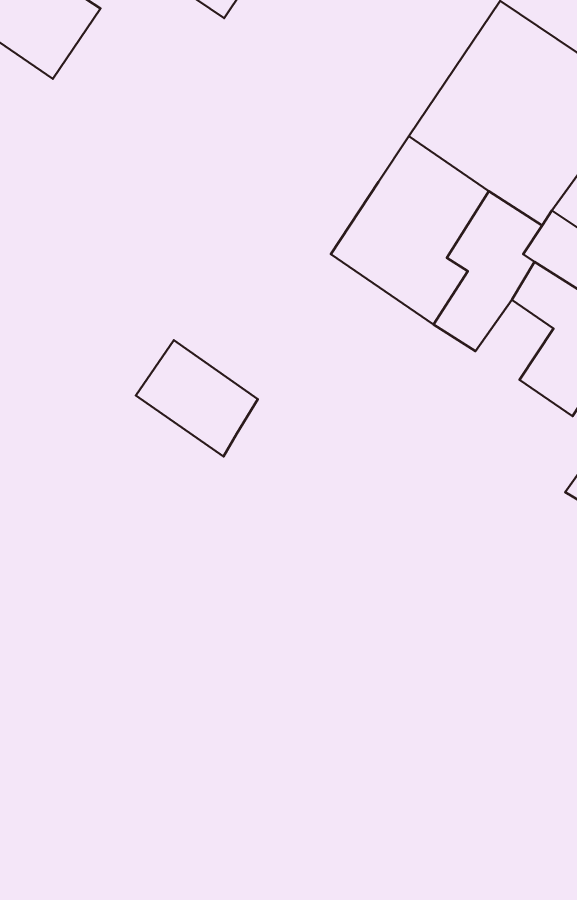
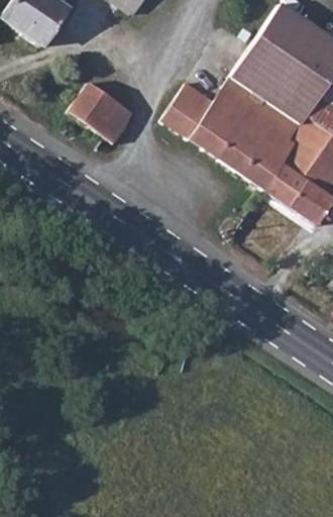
building: none -> [161,82,215,138]
building: none -> [266,163,308,205]
building: [136,340,258,456] -> [69,82,133,143]

